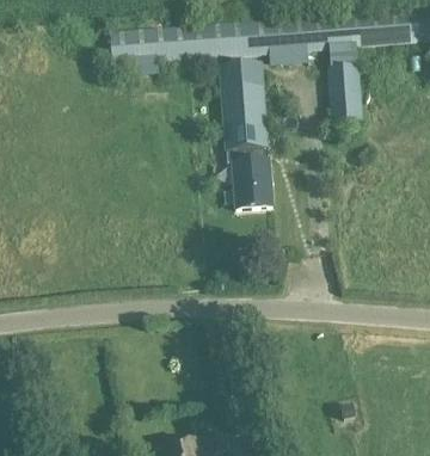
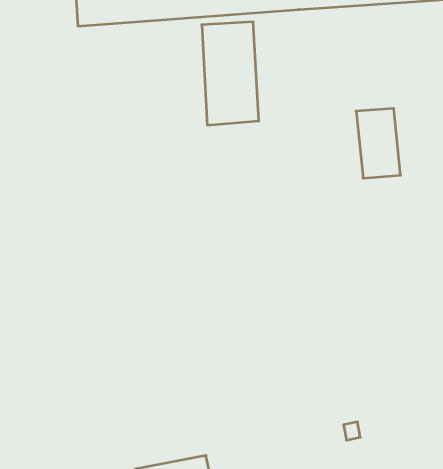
building: [325,64,363,124] -> [356,108,401,178]
building: [233,159,271,207] -> none

